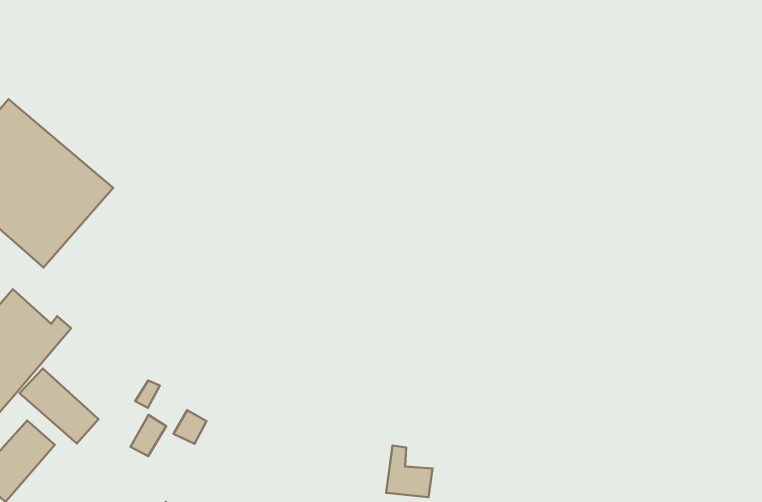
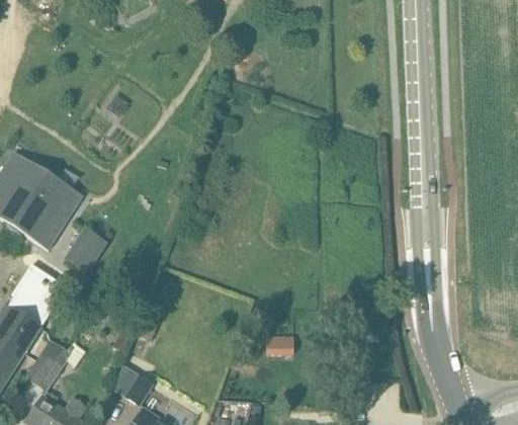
building: none -> [65,229,107,273]
building: [20,368,99,443] -> none

